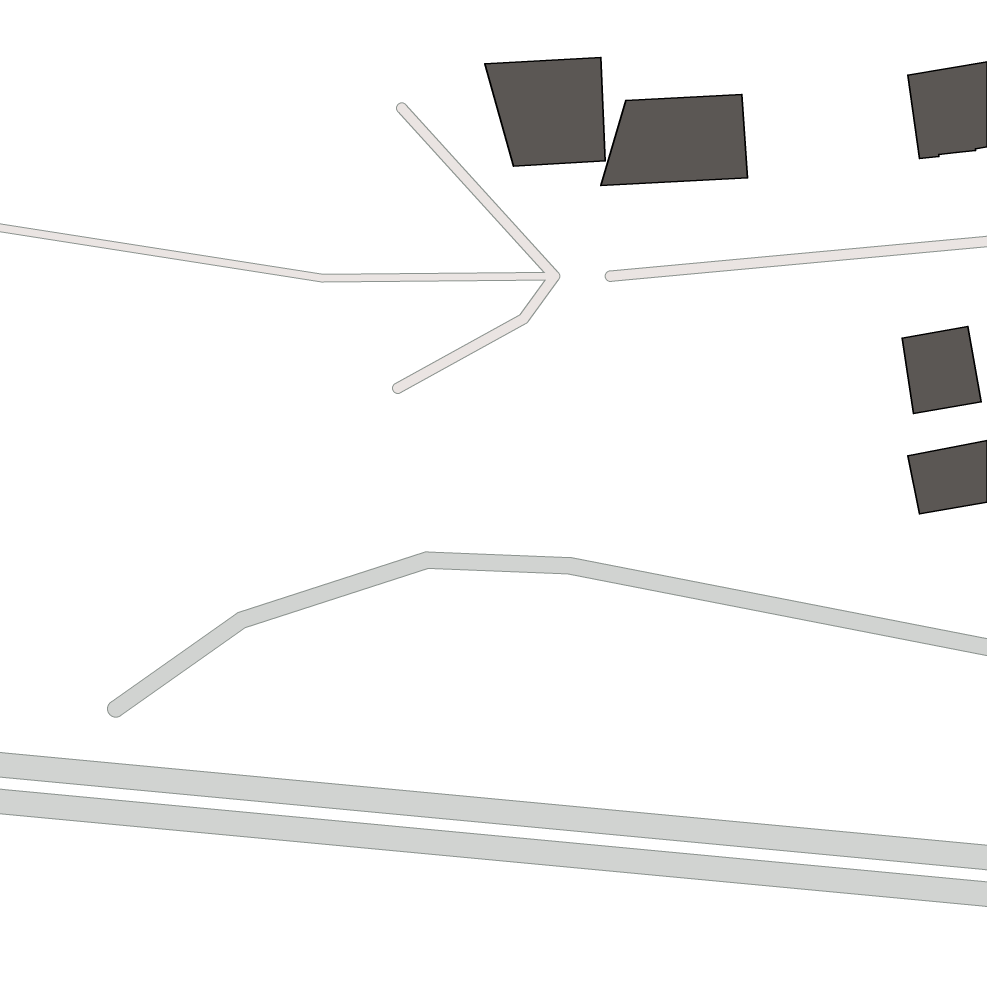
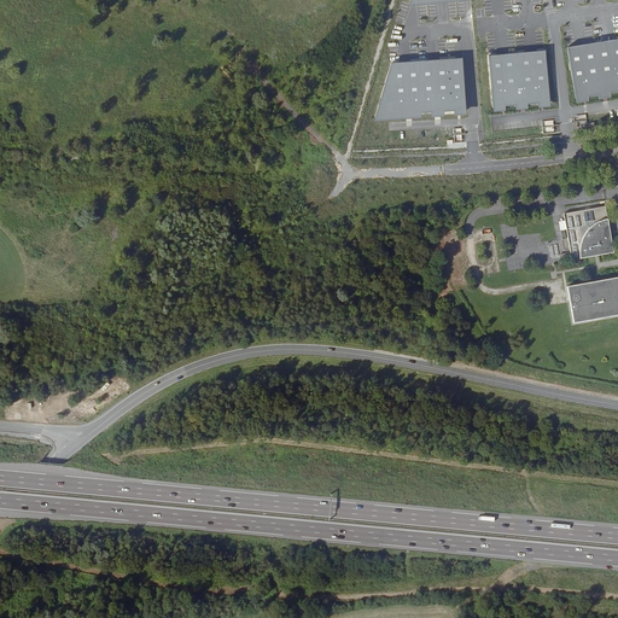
building: [485,58,605,166] -> none
building: none -> [488,49,552,107]

